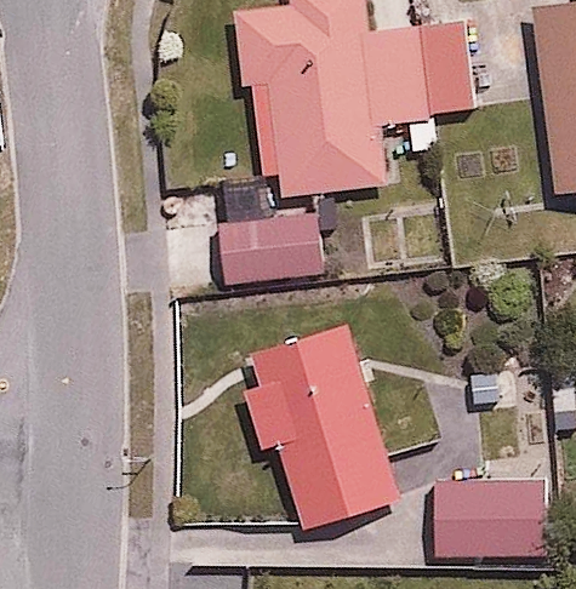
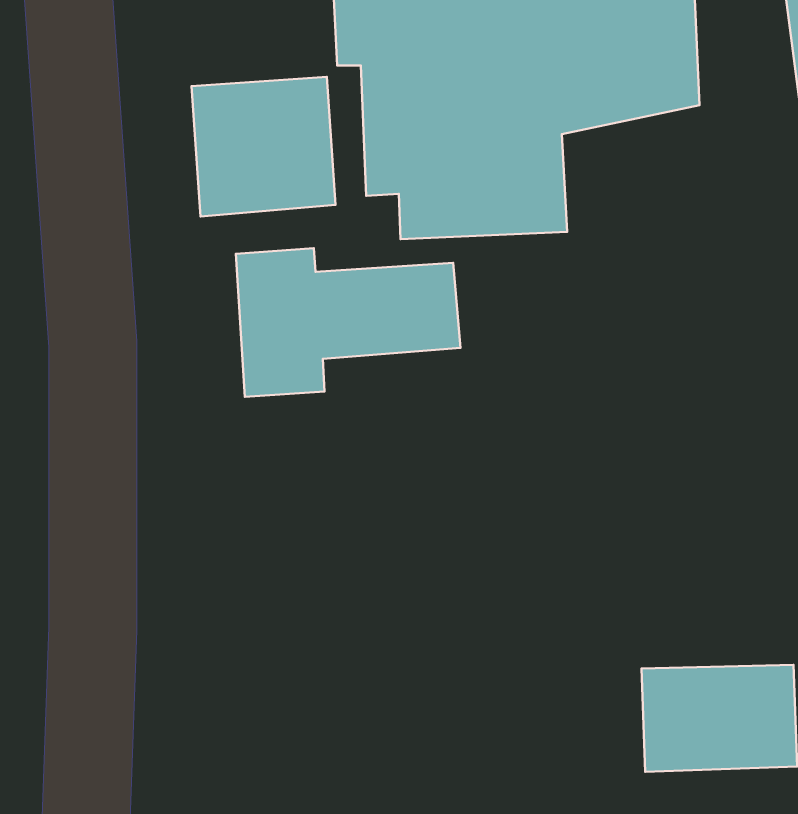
building: none -> [191,77,335,216]
building: [234,326,398,524] -> none

